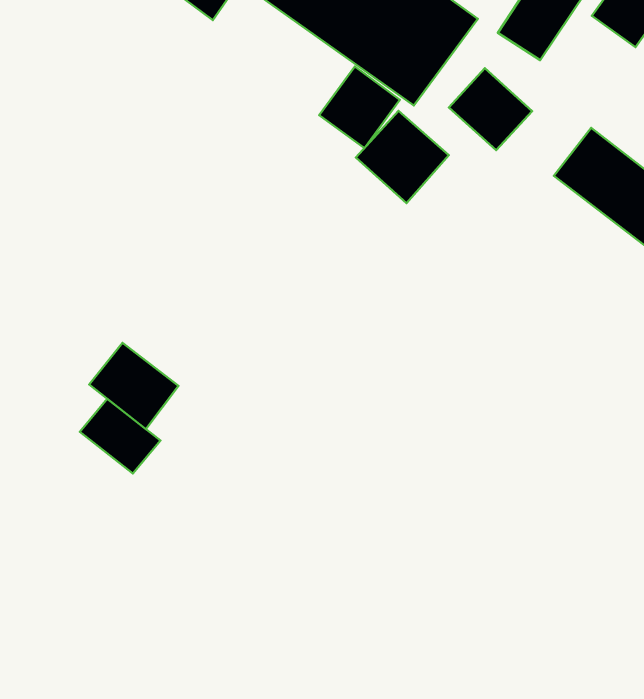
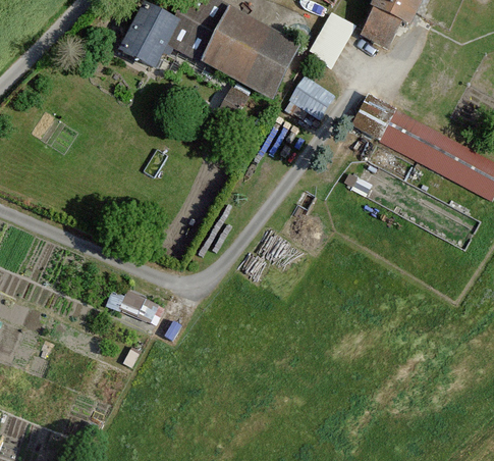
building: [356,111,449,203] -> none
building: [89,343,179,429] -> none

